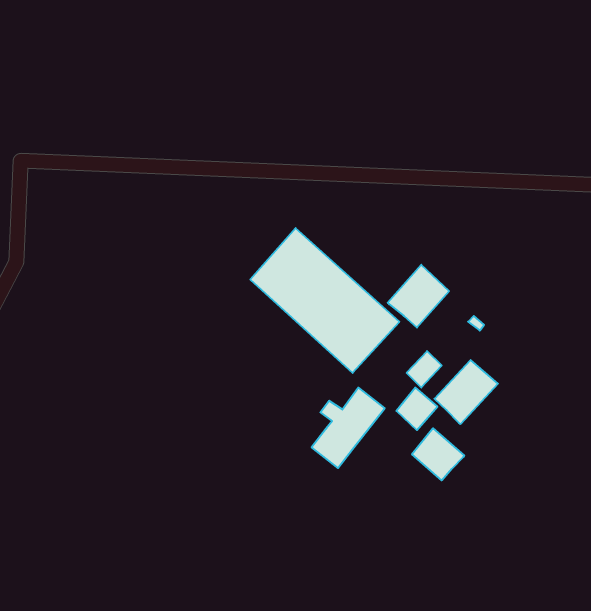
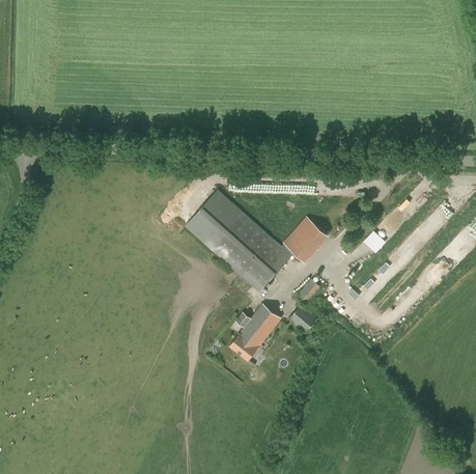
building: [434,360,498,424] -> none
building: [412,428,464,480] -> none

